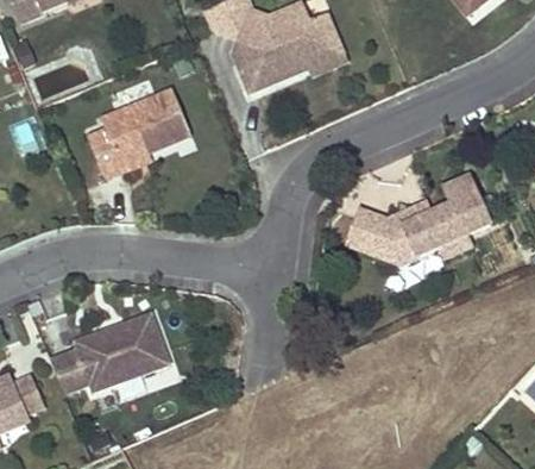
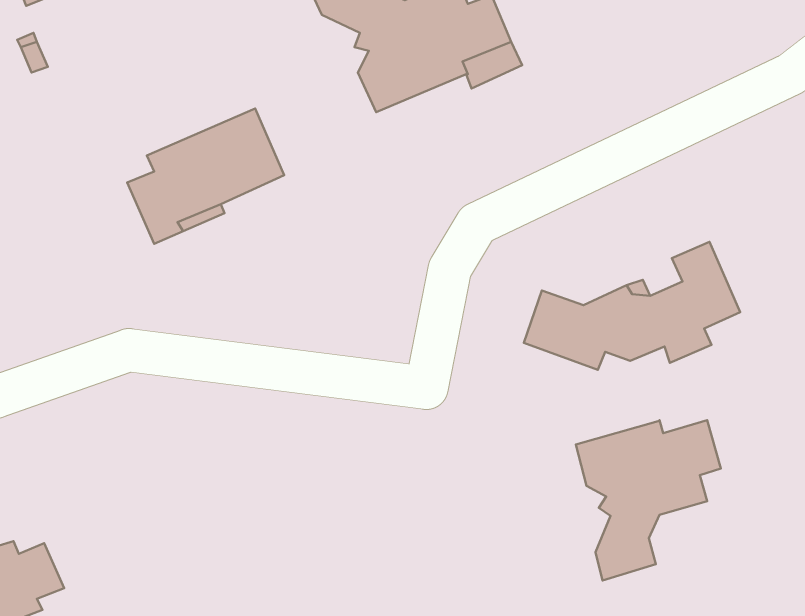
building: none -> [576,420,721,581]
building: [50,312,169,392] -> none

